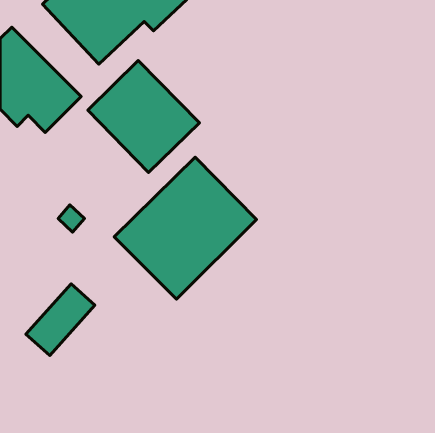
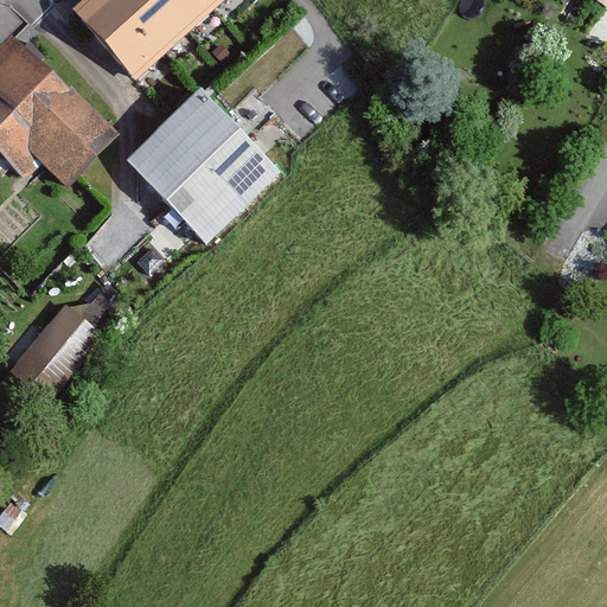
building: [114,157,257,299] -> none
building: [26,284,95,356] -> [8,298,104,397]

